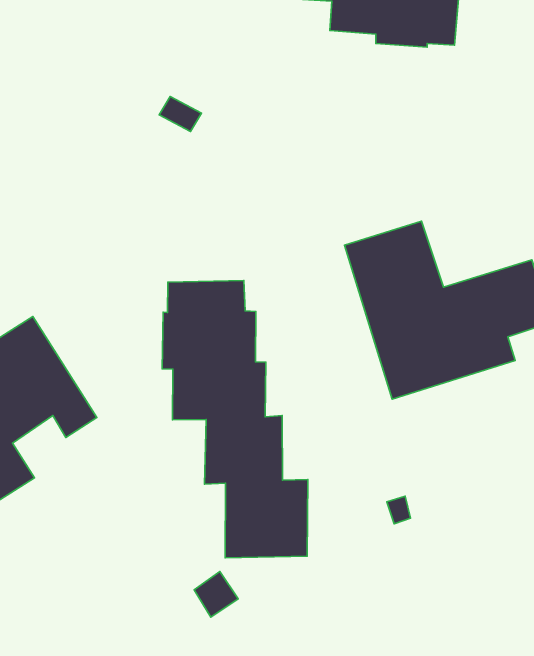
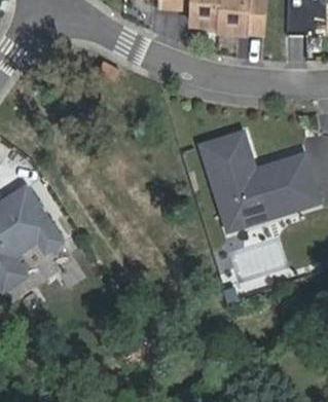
building: [162,280,308,558] -> none

